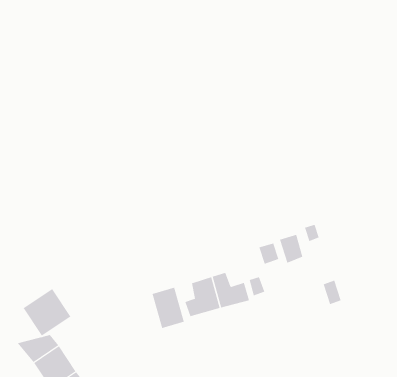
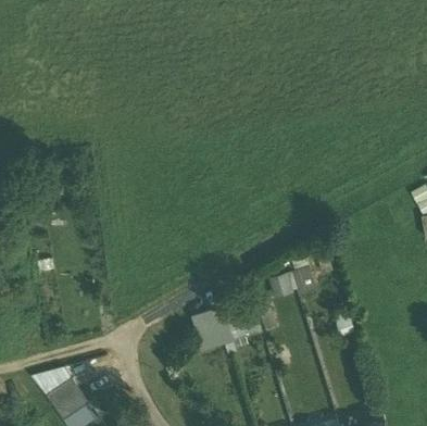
building: [152,287,185,329] -> none
building: [23,288,71,337] -> none

